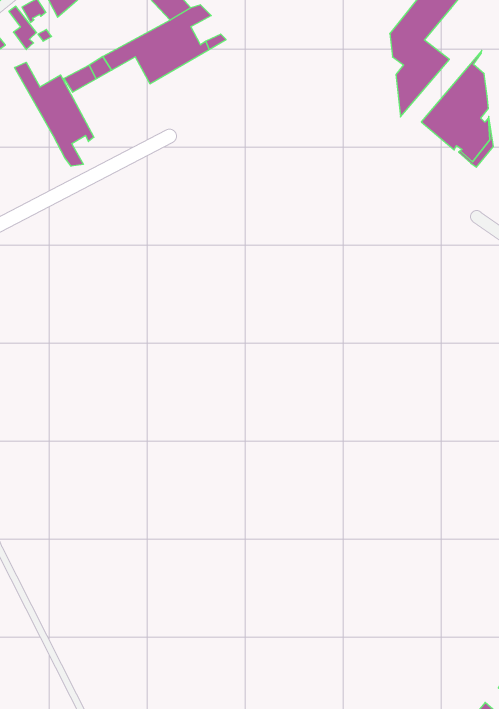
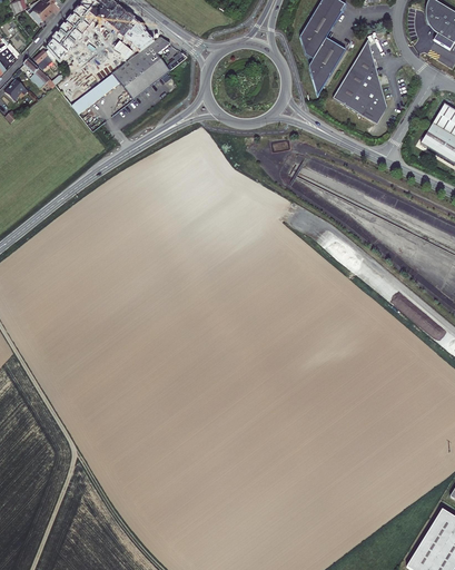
building: [15,62,94,166] -> none

